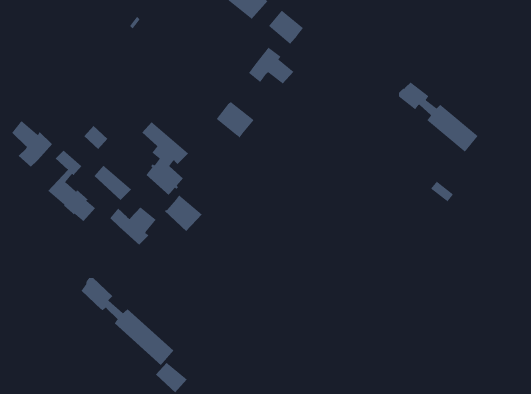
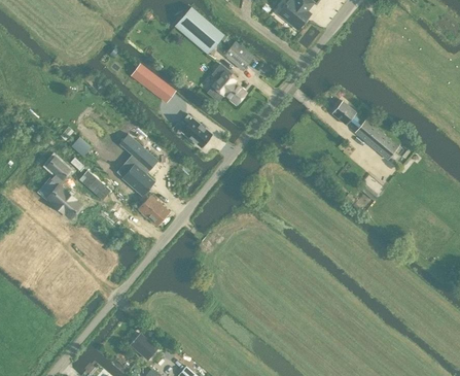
building: none -> [131,64,175,102]
building: [11,120,53,168] -> none
building: [109,207,156,245] -> none
building: [81,277,174,366] -> none

